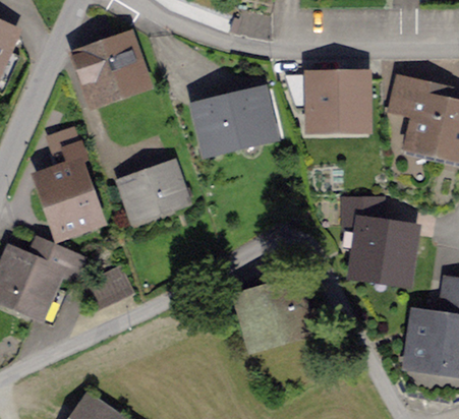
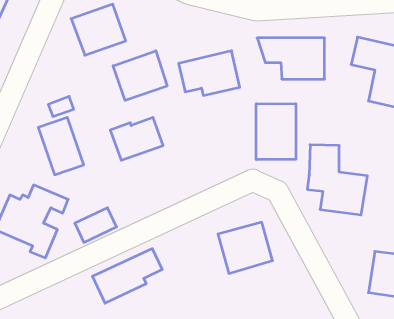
building: none -> [113,51,167,100]
building: none -> [256,104,296,160]
building: none -> [92,249,162,303]

